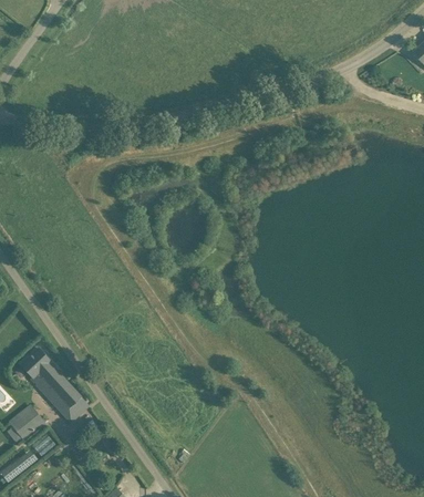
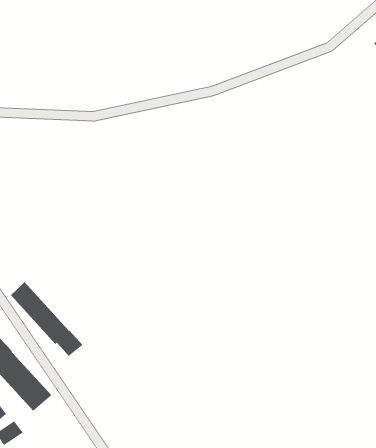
building: none -> [10,281,83,357]

